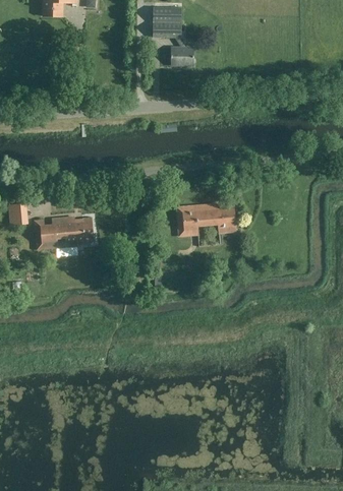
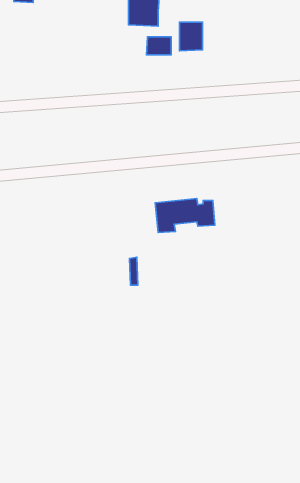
building: none -> [180,22,203,51]
building: [35,217,94,248] -> none

